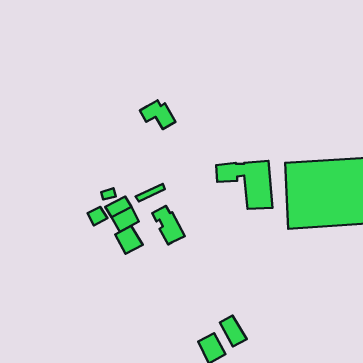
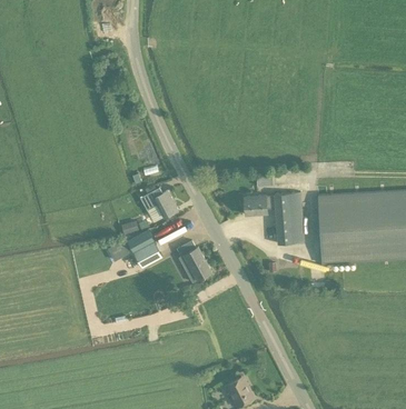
building: [140,100,175,129] -> [140,186,178,217]
building: [115,226,143,254] -> none
building: [220,315,247,346] -> none

